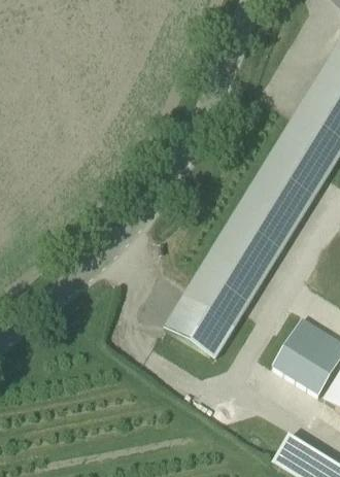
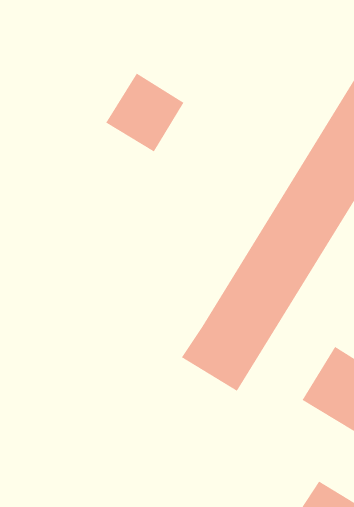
building: none -> [105,72,184,153]

